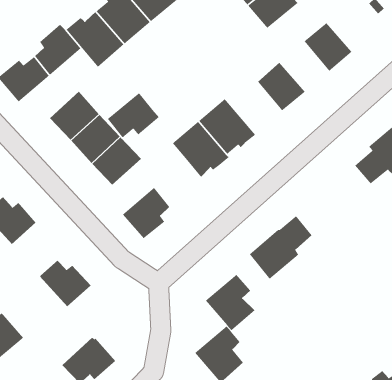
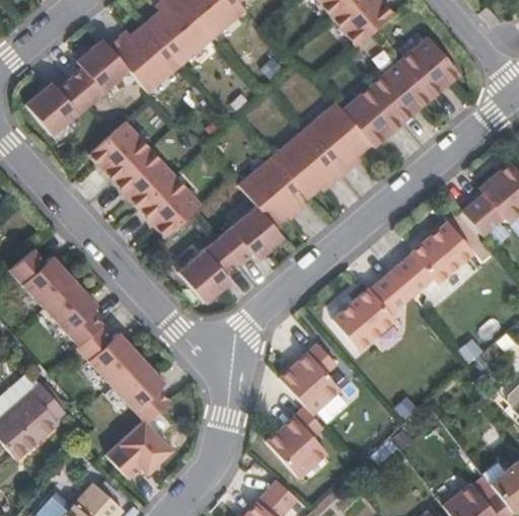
building: none -> [372,59,433,121]
building: none -> [305,101,373,173]
building: [107,92,160,139] -> [219,205,284,262]
building: none -> [392,221,475,296]
building: none -> [45,281,102,346]
building: none -> [113,358,169,423]

